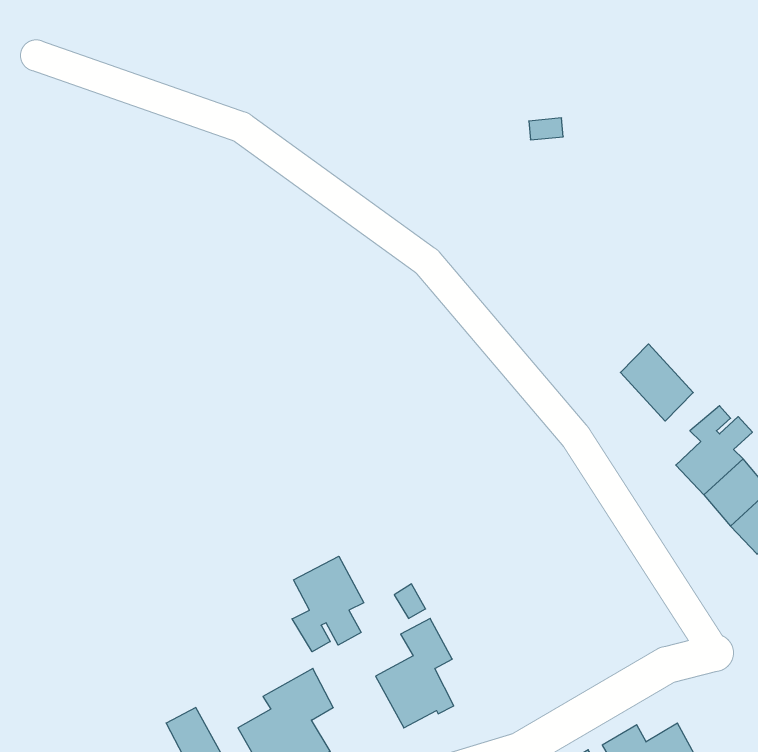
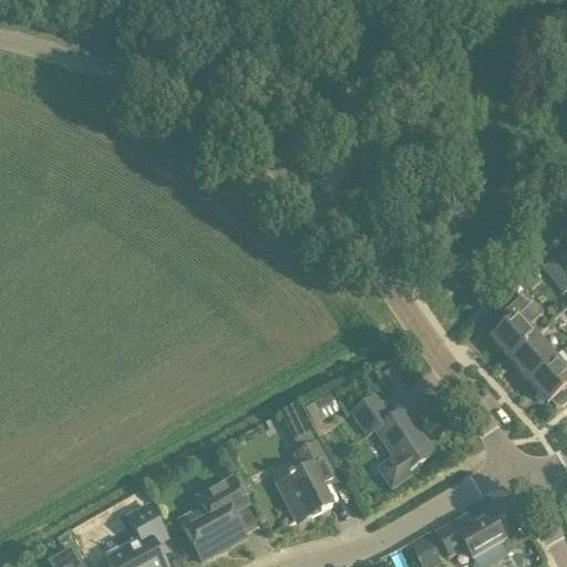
building: [620,344,693,421] -> none
building: none -> [350,392,434,488]
building: [292,556,364,652] -> none

